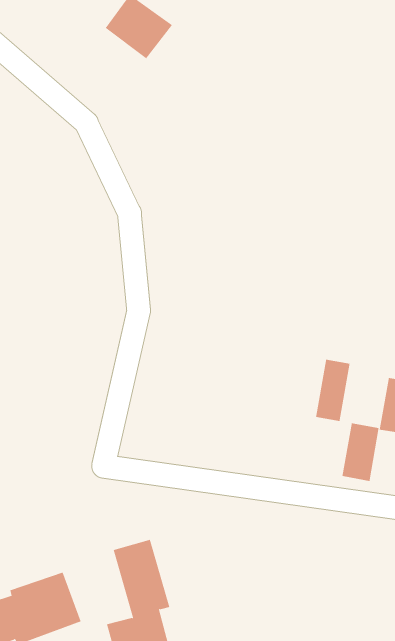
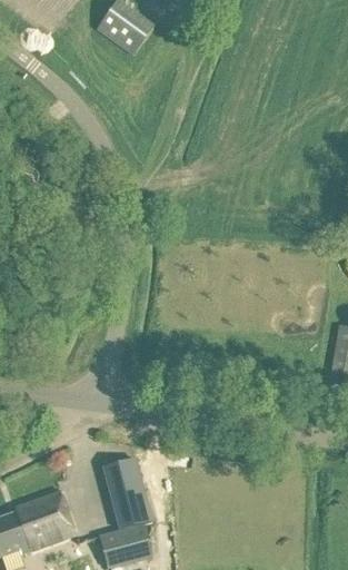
building: [315,359,350,422] -> none
building: [342,422,379,482] -> none

